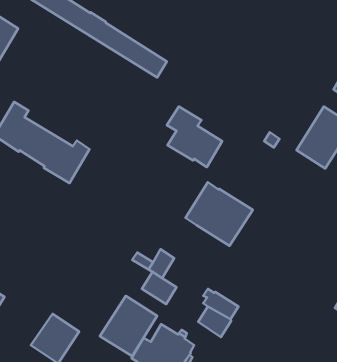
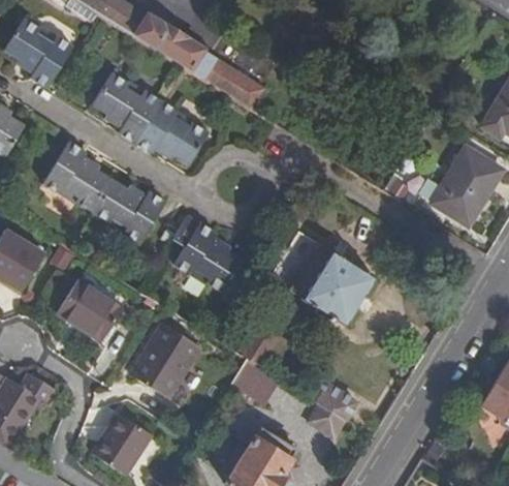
building: none -> [91,70,210,165]
building: [167,107,222,167] -> [172,215,244,293]
building: none -> [57,278,123,341]
building: [100,296,157,356] -> [129,322,202,399]

